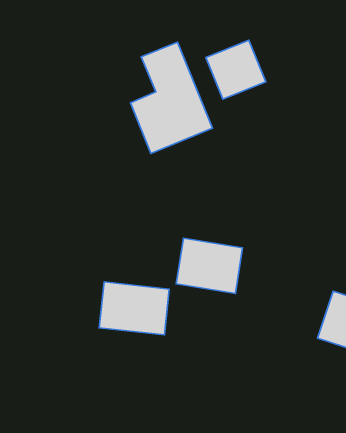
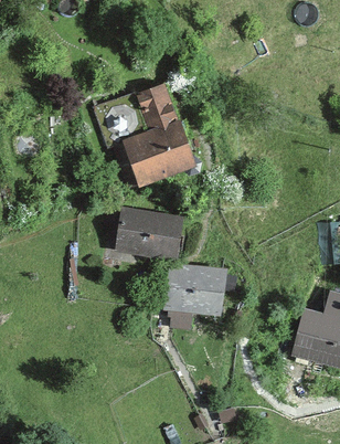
building: [206,40,266,99] -> none
building: [99,282,169,335] -> [116,208,180,256]

